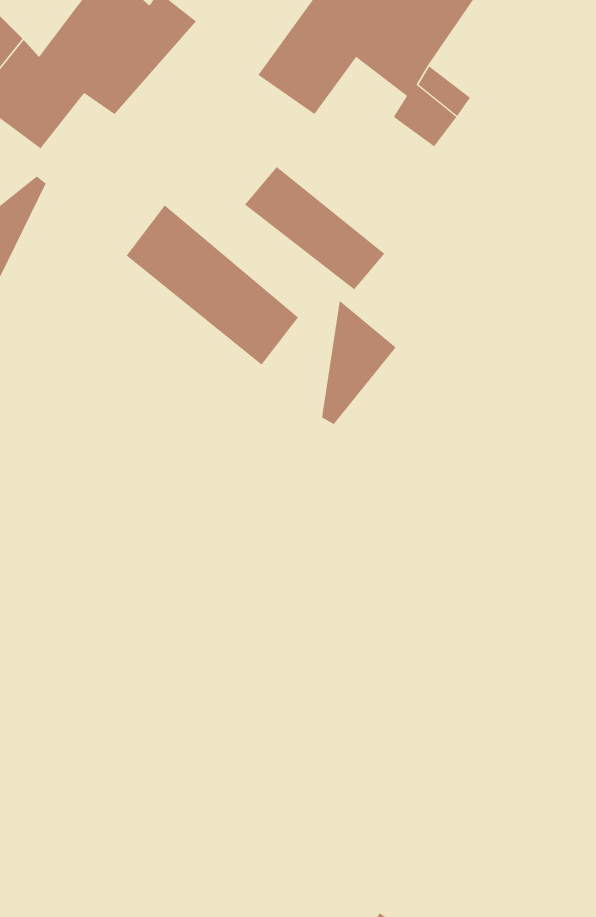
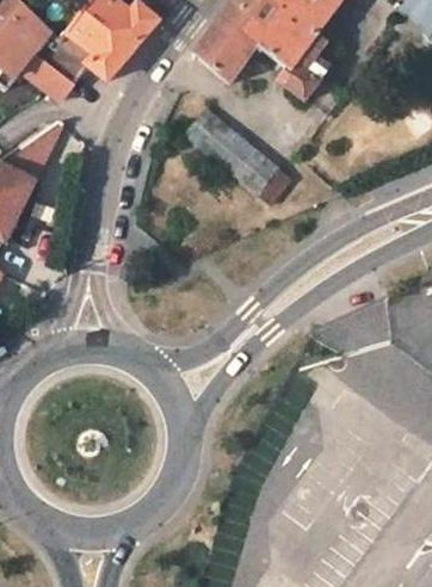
building: [126,205,299,366] -> none
building: [321,300,396,425] -> none

